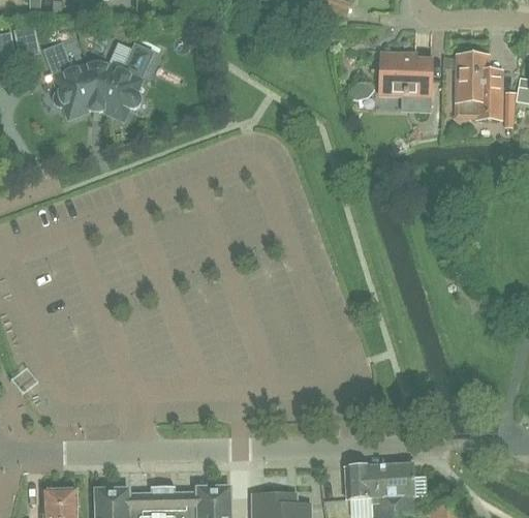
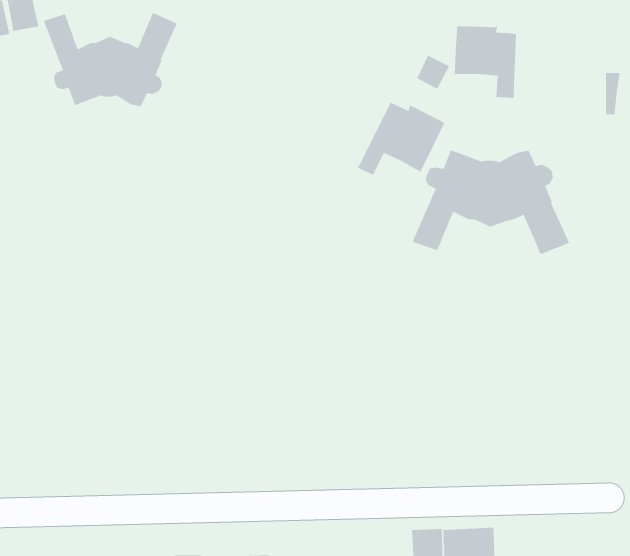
building: [454,55,502,118] -> none
building: none -> [357,102,445,176]
building: none -> [411,149,570,255]

